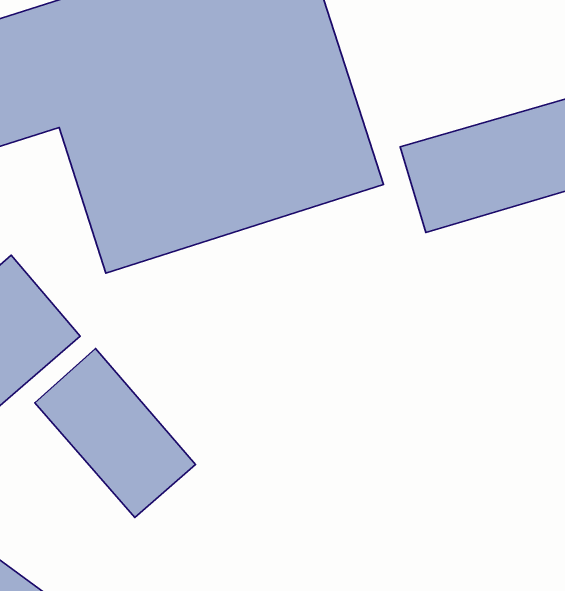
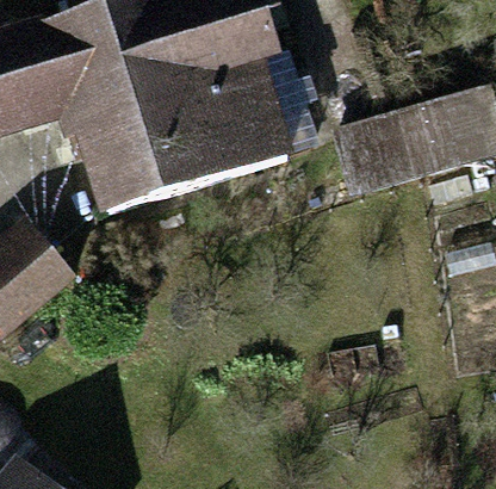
building: [35,348,196,517] -> none

